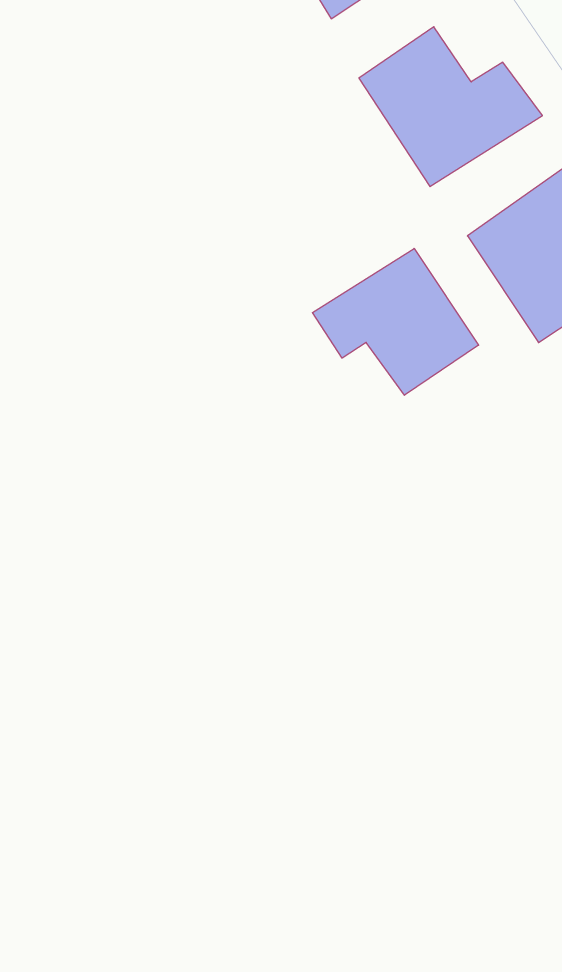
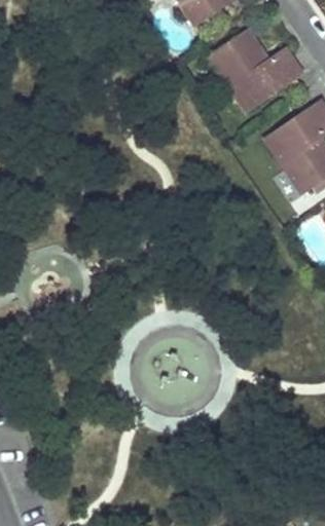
building: [312,248,479,395] -> none

